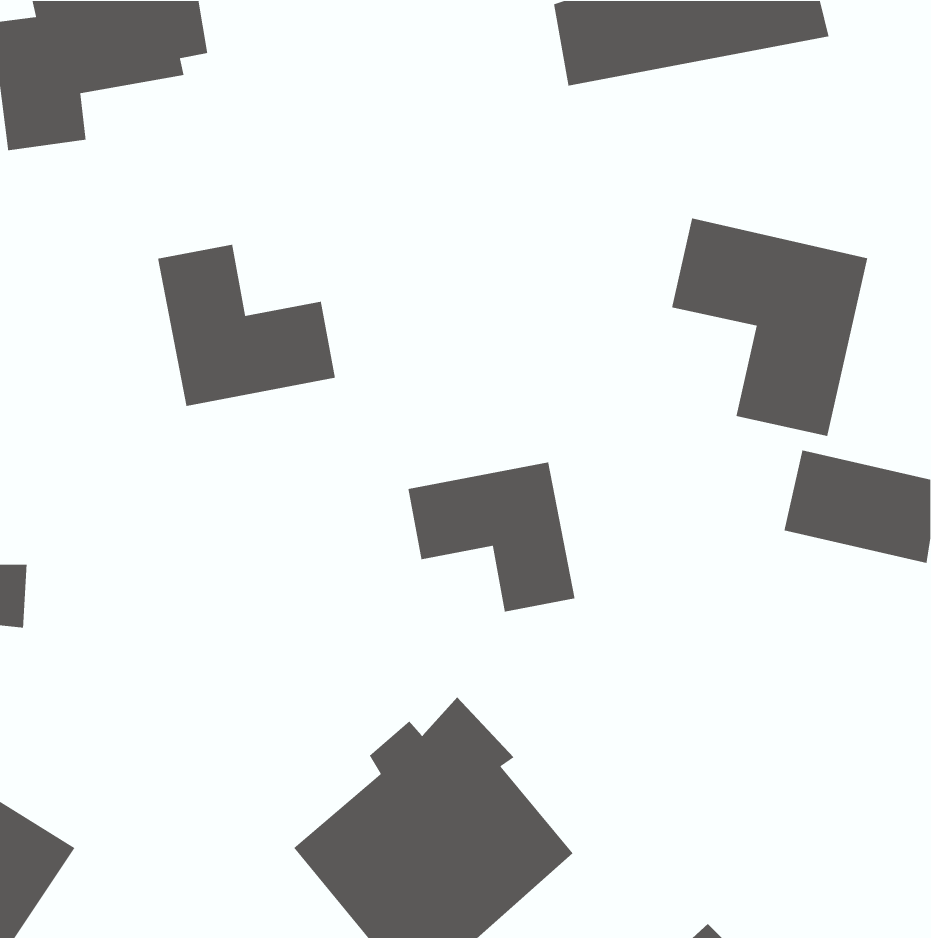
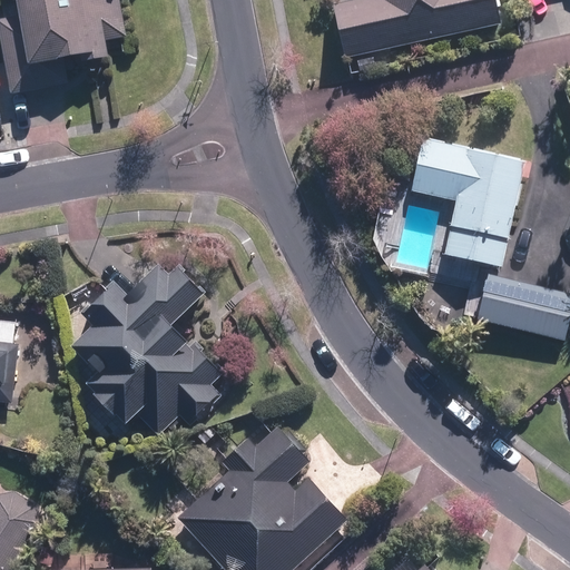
building: [157,244,336,407] -> none
building: none -> [72,259,224,434]
building: [408,462,575,612] -> none

